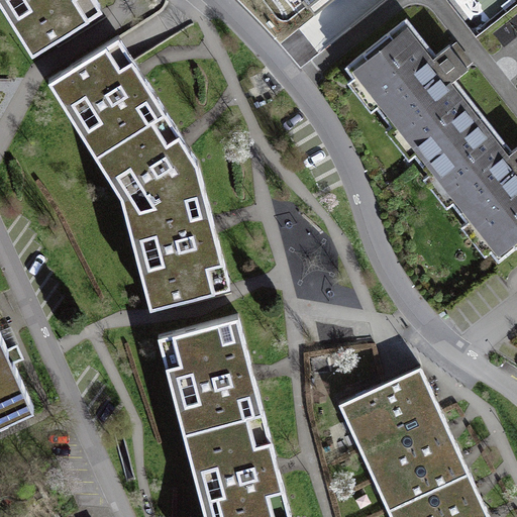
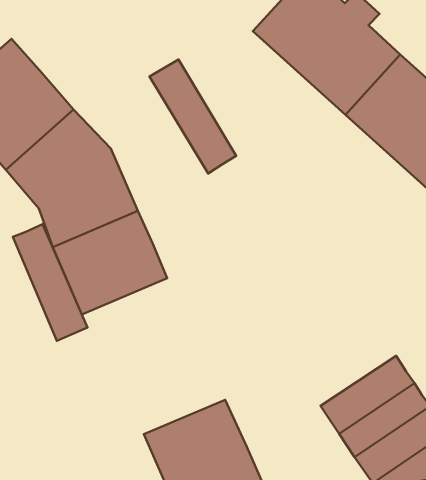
building: none -> [150,60,236,173]
building: none -> [13,224,87,341]
building: [158,315,264,430] -> none
building: [341,369,431,430] -> none

